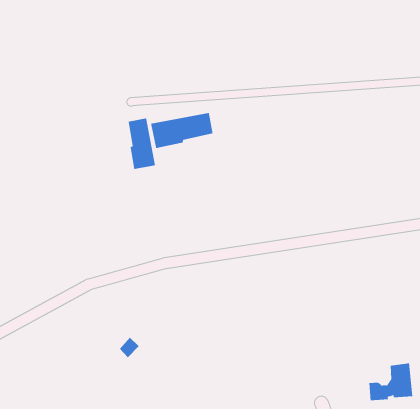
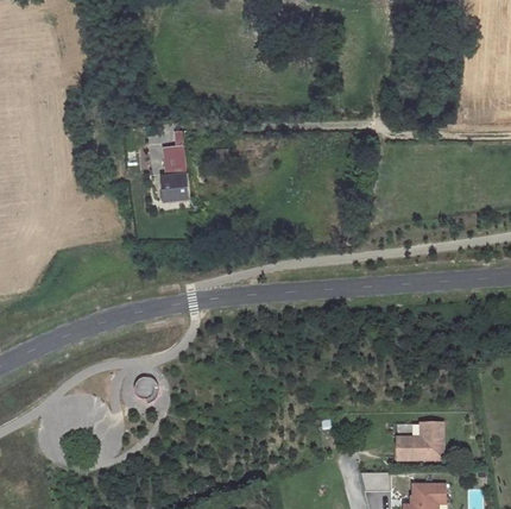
building: [151,112,213,149] -> none

